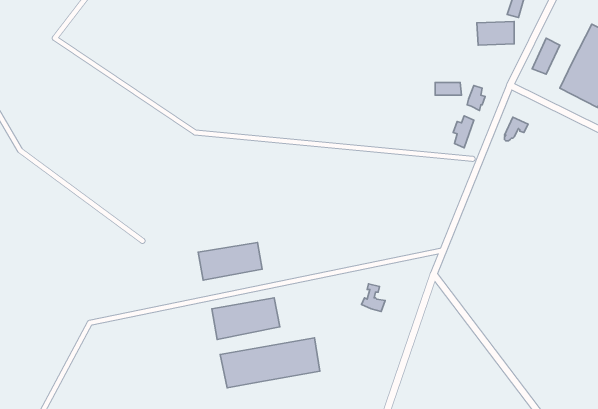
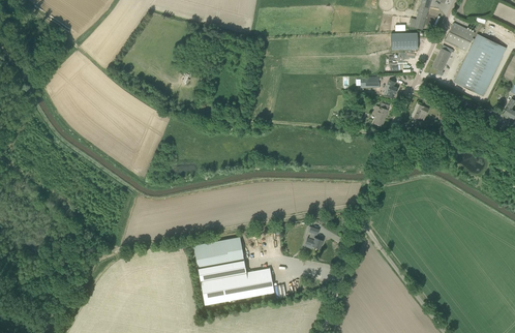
building: none -> [446,23,475,51]
building: [198,242,262,280] -> none

